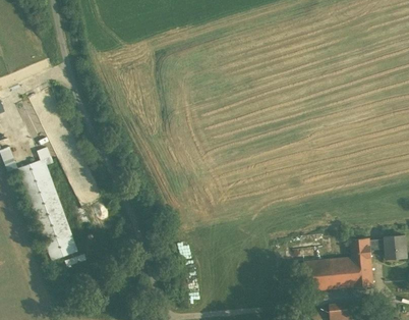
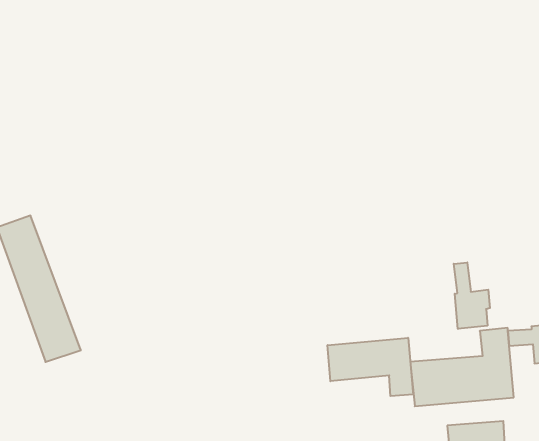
building: none -> [454,262,490,329]
building: none -> [328,338,413,396]

